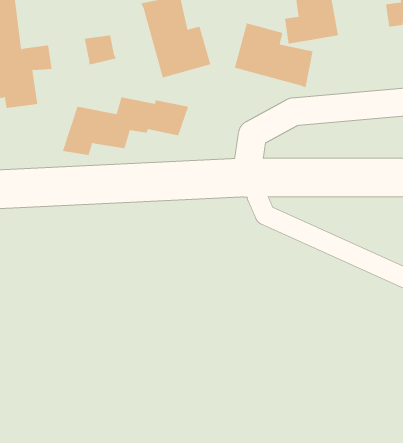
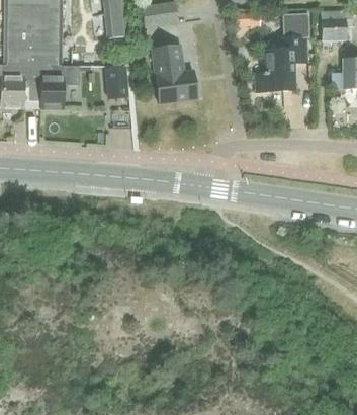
building: [234,23,313,88] -> none
building: [62,97,189,156] -> none

